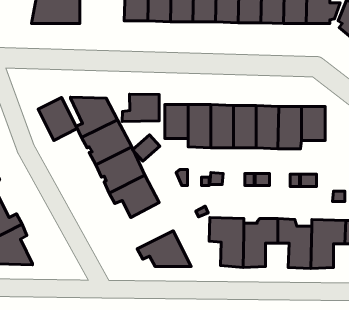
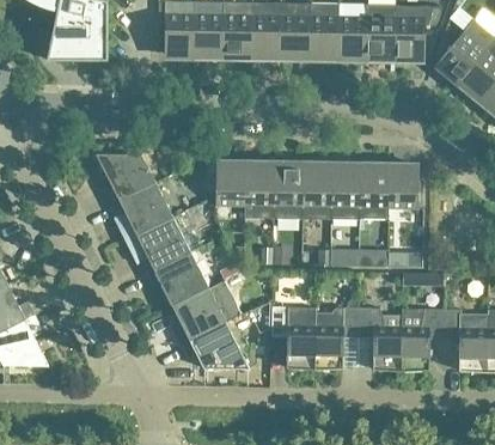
building: [122,94,159,121] -> none
building: [38,97,77,140] -> none
building: none -> [172,280,240,346]

